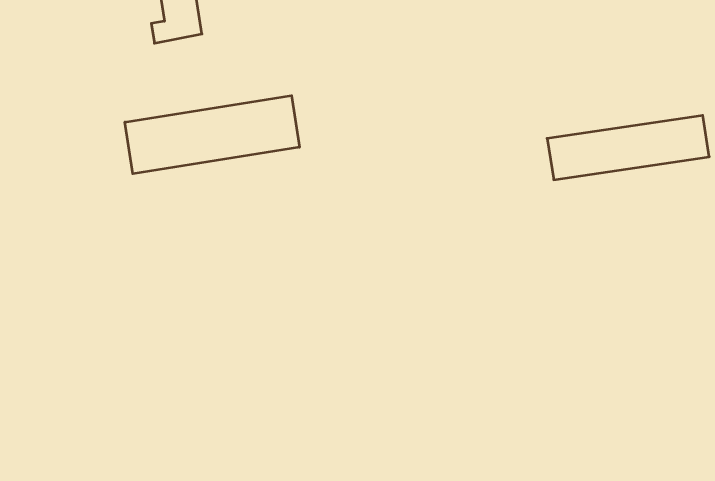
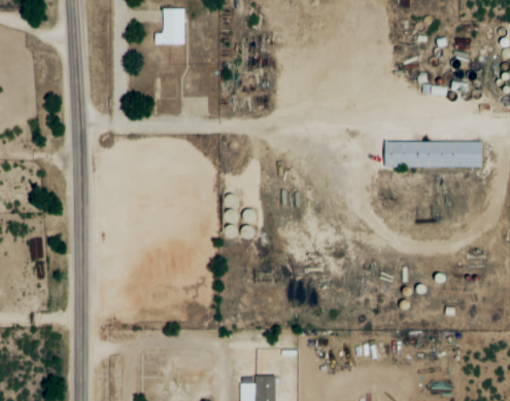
building: [125,96,299,174] -> none

